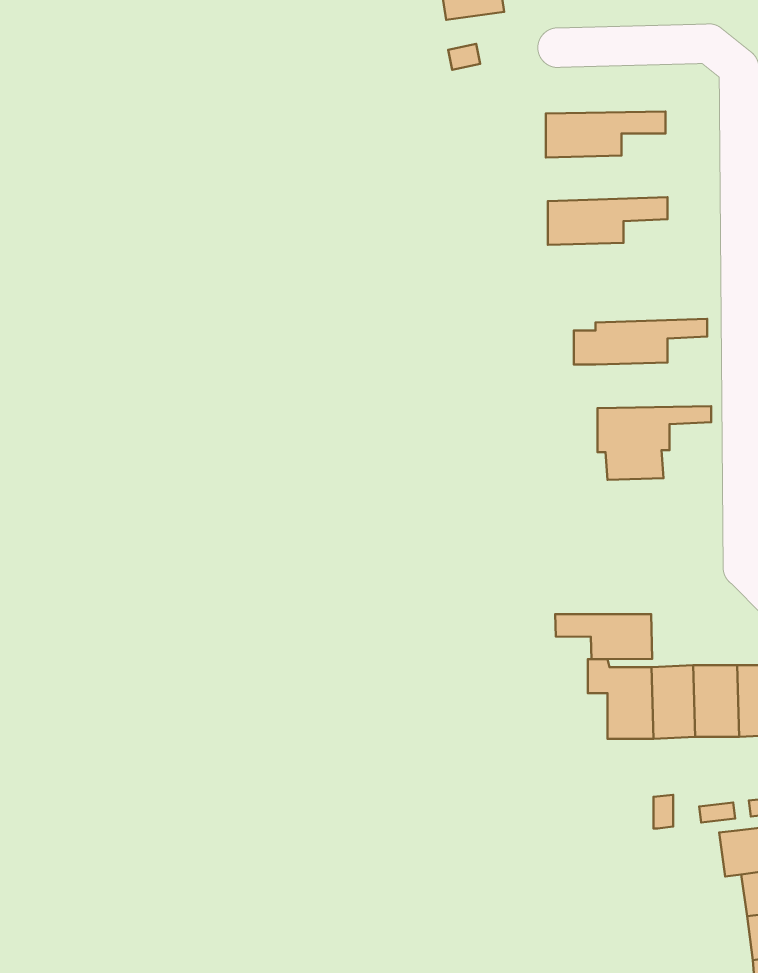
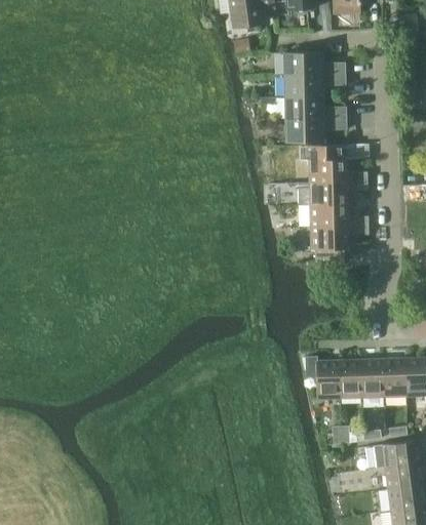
building: none -> [283,51,346,75]
building: none -> [284,96,347,120]
building: none -> [300,145,367,183]
building: none -> [310,203,370,227]
building: [555,614,652,659] -> none

